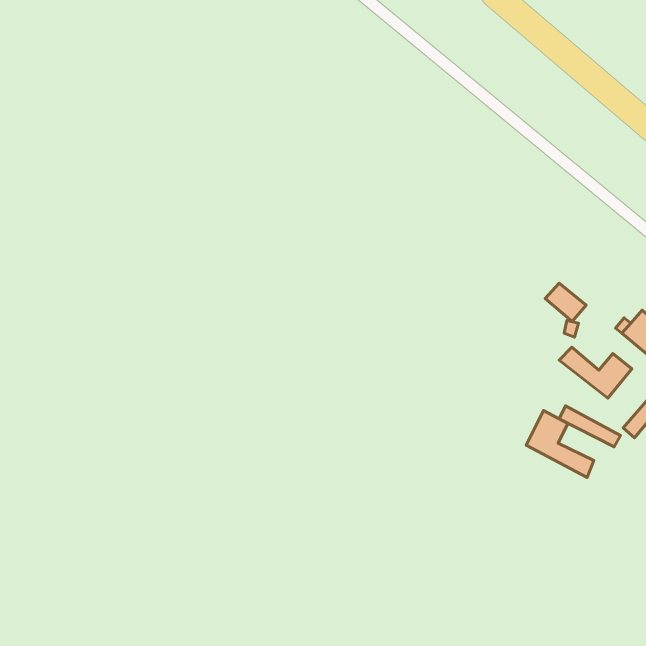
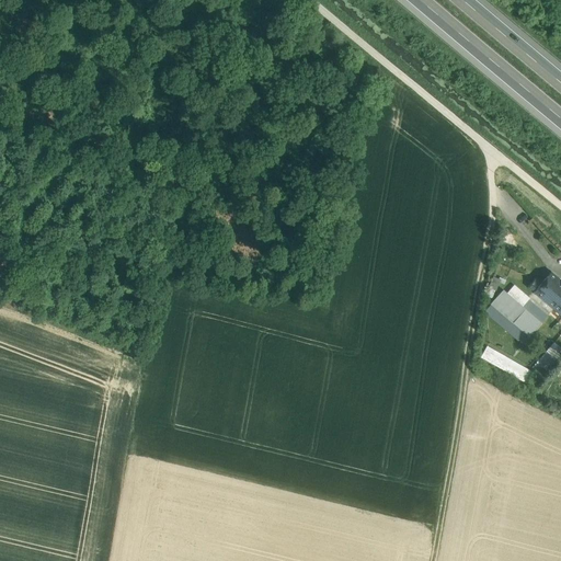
building: [545,283,586,322] -> [496,285,531,318]
building: [526,411,594,478] -> none

